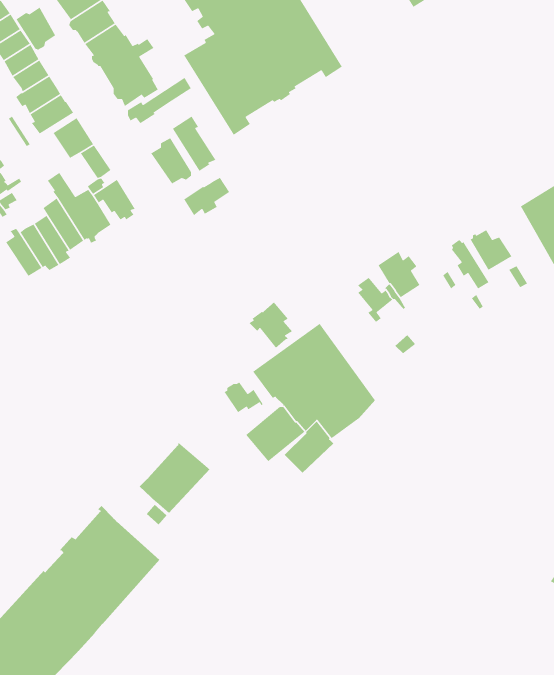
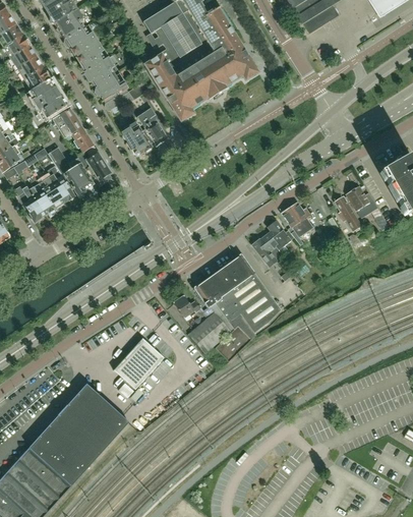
building: [15,6,56,50] -> none
building: [183,177,230,216] -> none
building: [248,301,293,349] -> [249,232,281,266]

